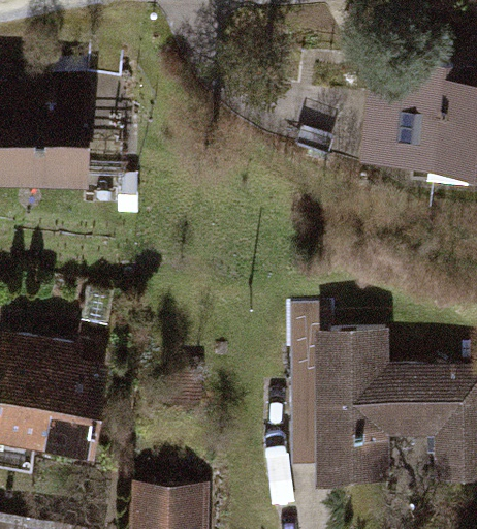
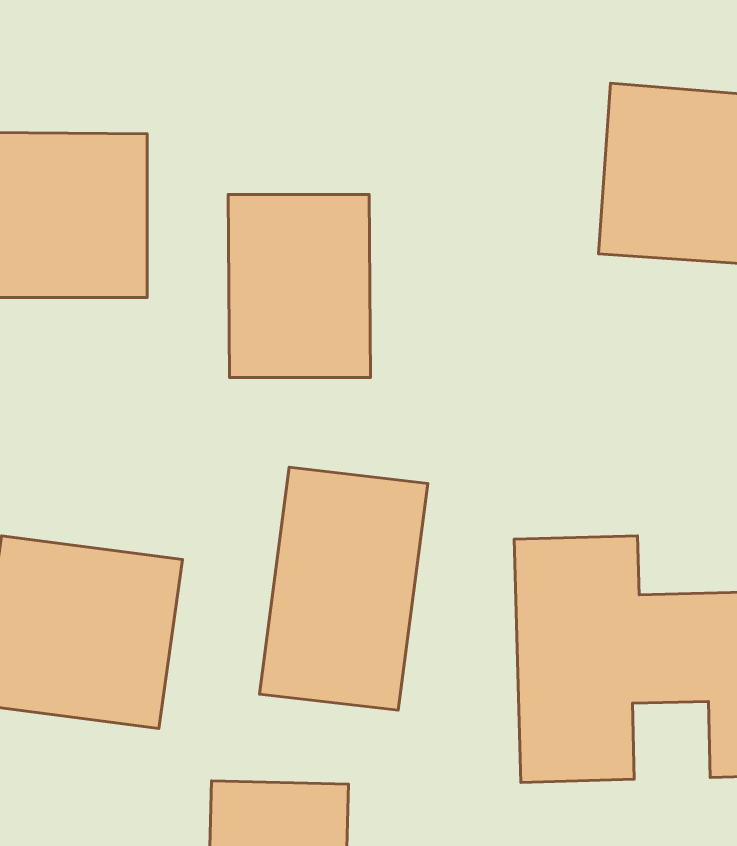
building: none -> [228,194,370,378]
building: none -> [260,467,428,710]

